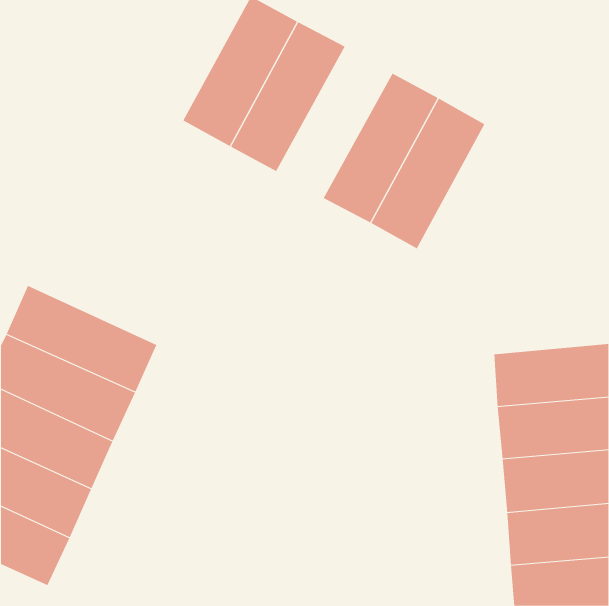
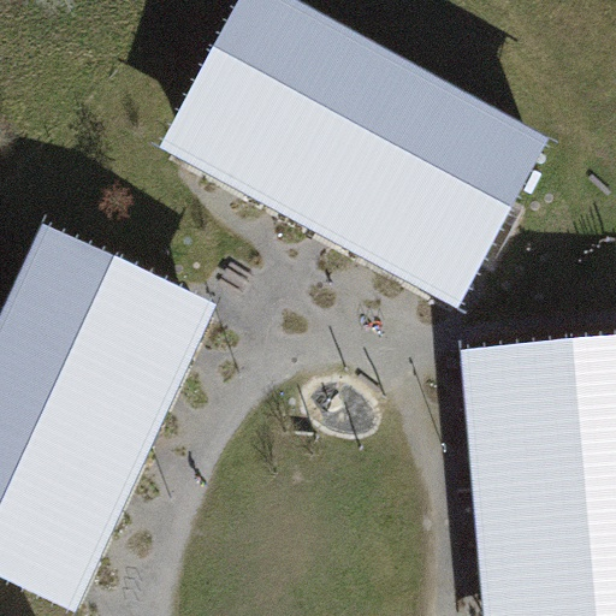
building: none -> [279,47,396,200]
building: none -> [421,125,538,277]
building: none -> [28,239,182,348]

